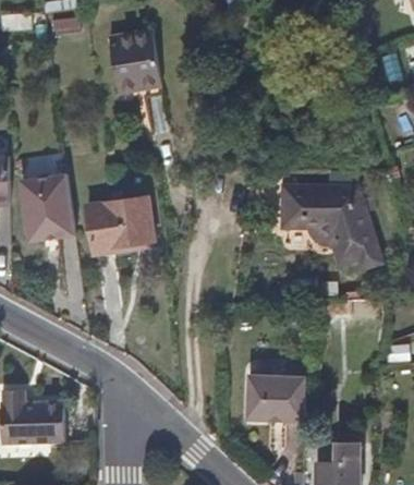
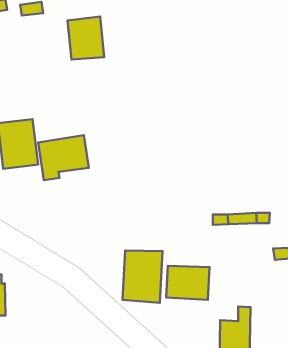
building: [276,187,380,275] -> none
building: none -> [122,250,162,303]
building: [29,392,63,436] -> none

